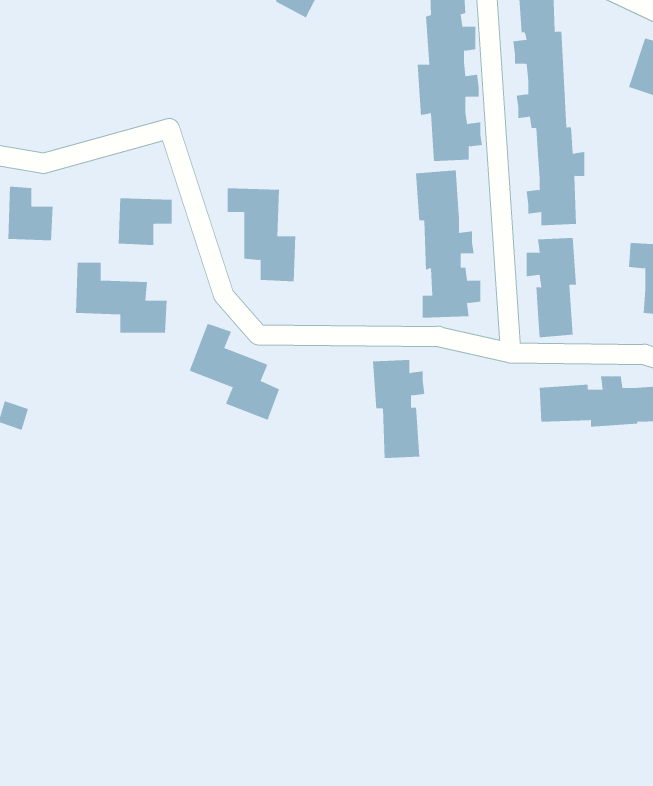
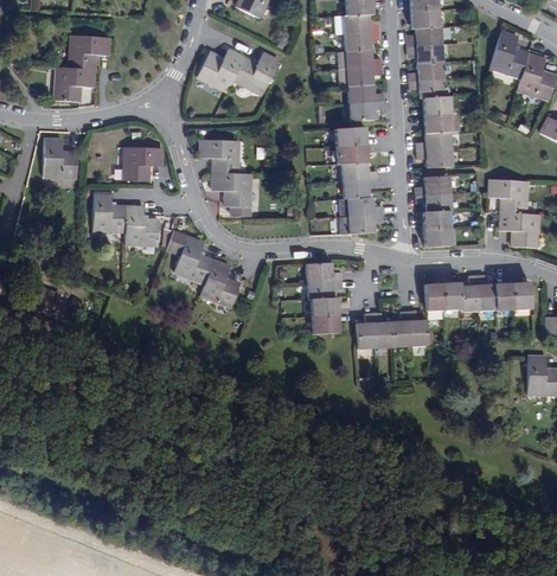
building: none -> [56,36,110,101]
building: none -> [198,51,280,95]
building: none -> [357,309,428,350]

